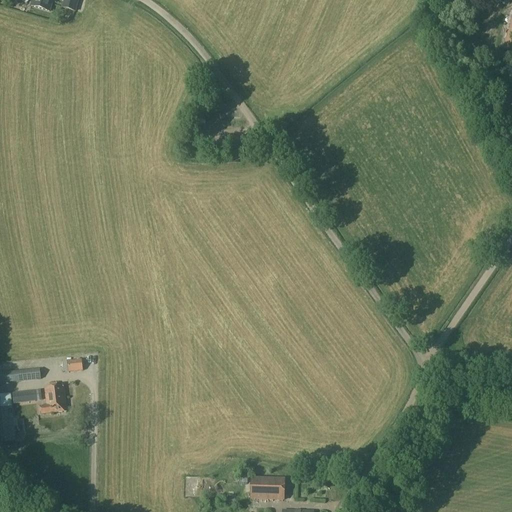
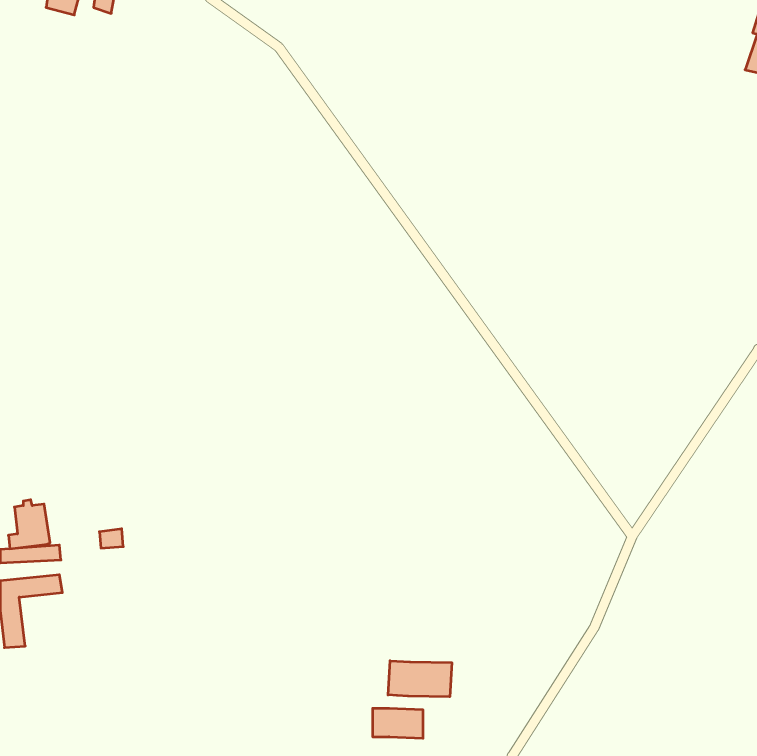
building: [41,381,69,414] -> [8,500,50,549]
building: none -> [388,661,452,697]

